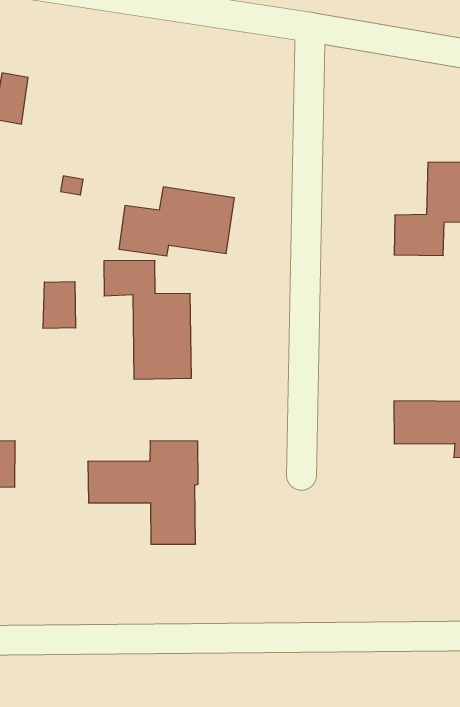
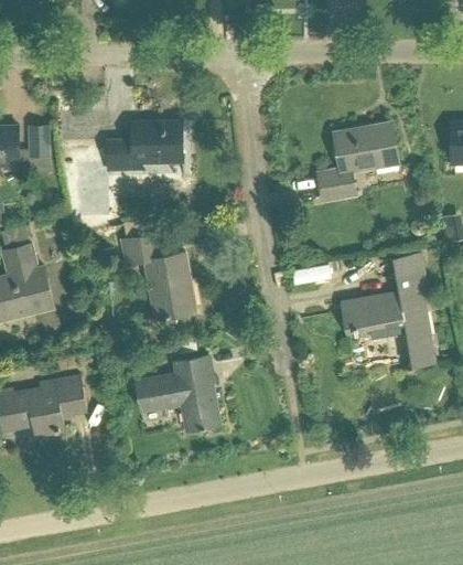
building: [119,187,234,256] -> [107,121,183,171]
building: [43,282,76,328] -> none

